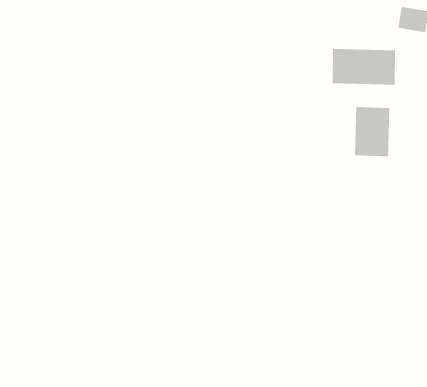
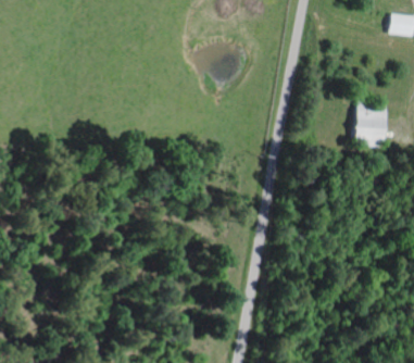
building: [332,48,396,85] -> none

